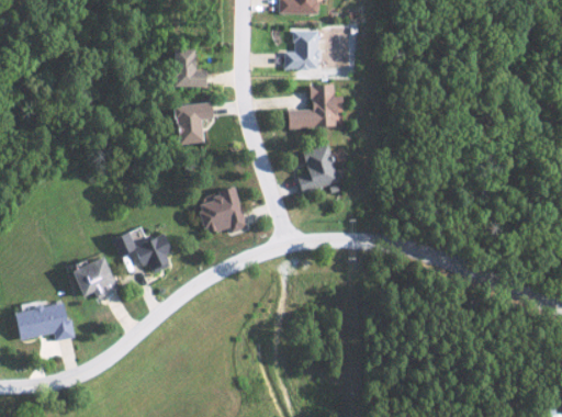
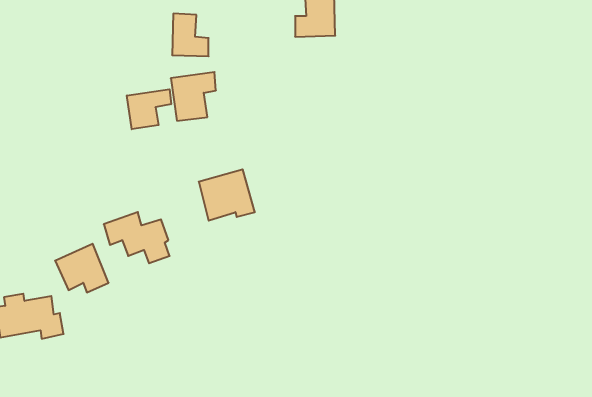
building: [289,83,345,128] -> none
building: none -> [127,89,171,129]
building: [297,144,341,193] -> none

